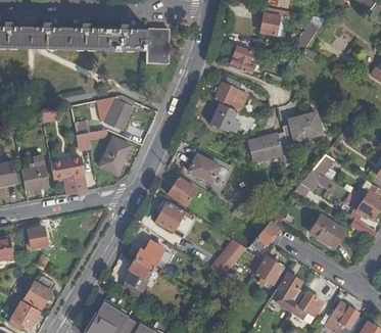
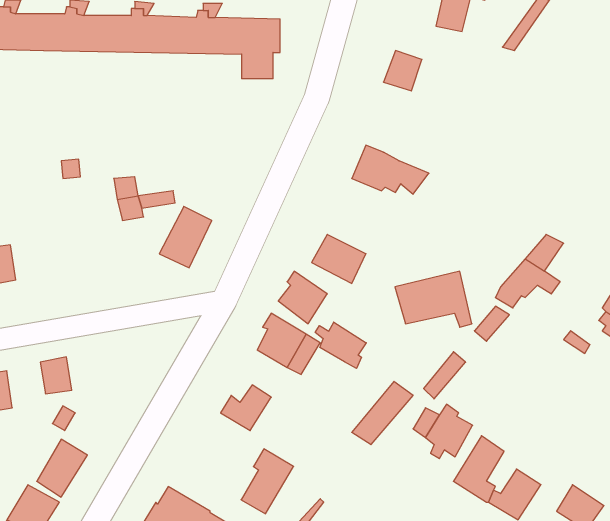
building: [216,78,248,111] -> none
building: [105,95,135,129] -> none
building: [290,112,321,140] -> none
building: [247,131,292,163] -> [395,271,472,327]
building: [50,155,87,193] -> none
building: [20,165,47,190] -> none
building: none -> [315,322,366,368]
building: [309,217,345,248] -> none
building: [122,258,152,296] -> [241,449,294,514]

